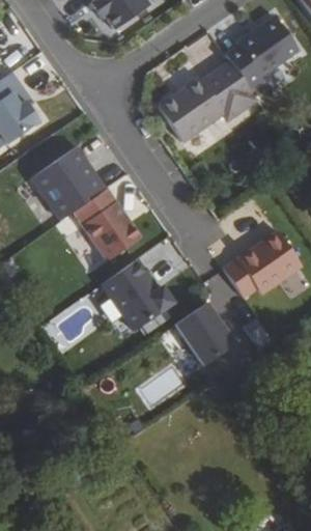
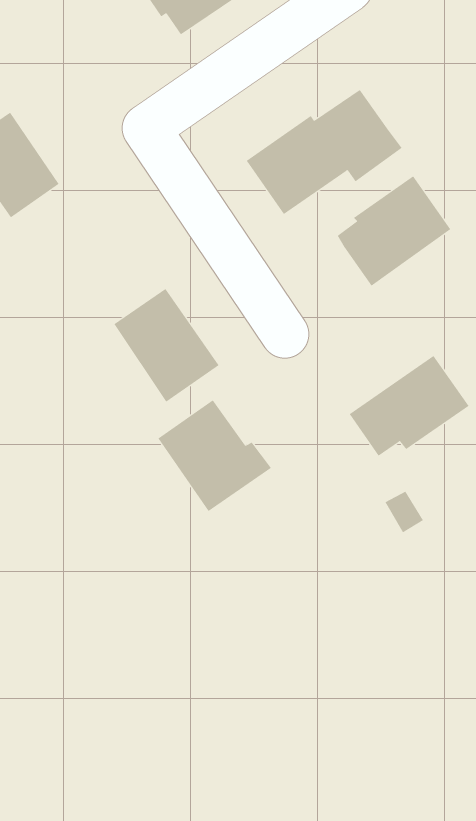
building: [227,17,300,87] -> [337,175,451,286]
building: [33,146,108,220] -> none
building: [176,303,235,365] -> none

